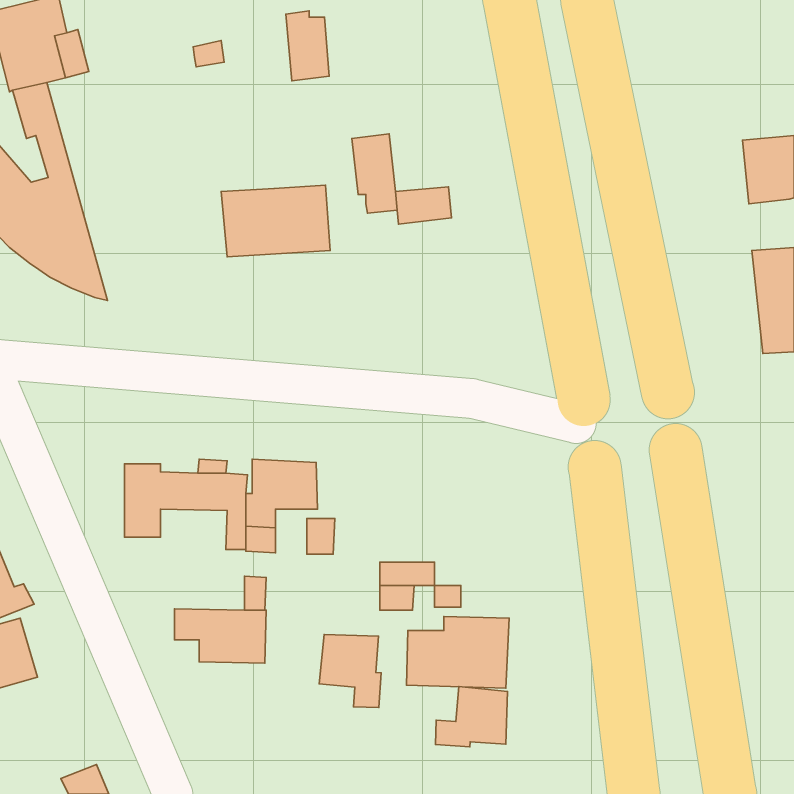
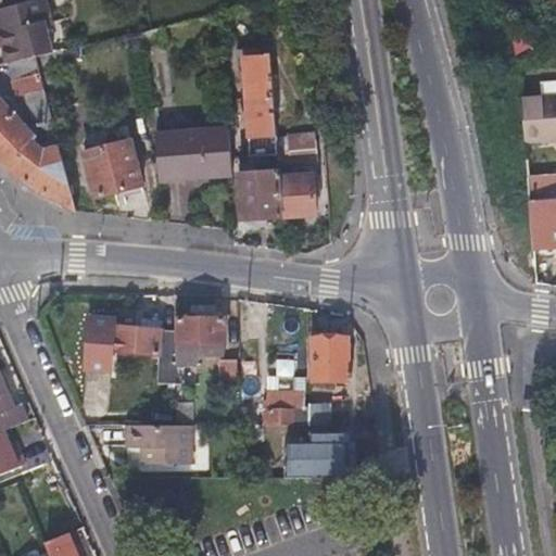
building: [286,11,329,81] -> [241,48,271,97]
building: none -> [83,140,140,198]
building: none -> [239,169,315,219]
building: none -> [307,340,343,380]
building: [319,635,381,708] -> none
building: [436,687,507,747] -> none

